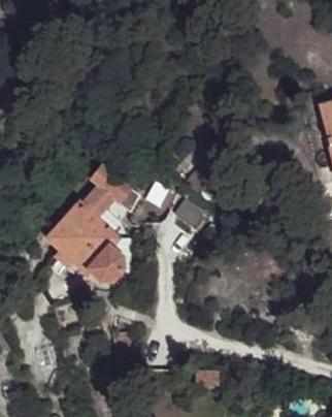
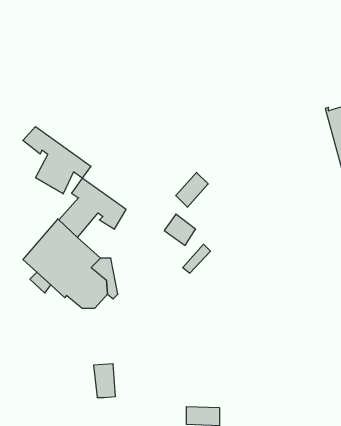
building: none -> [23,127,91,194]

